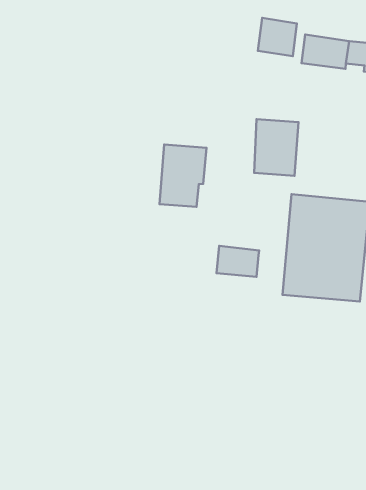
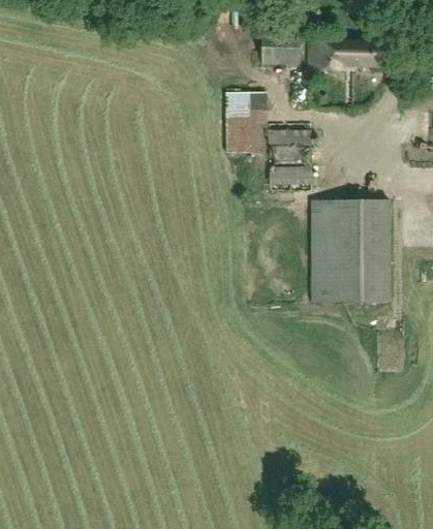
building: [159,145,207,207] -> [225,91,268,152]
building: [216,246,259,277] -> none

